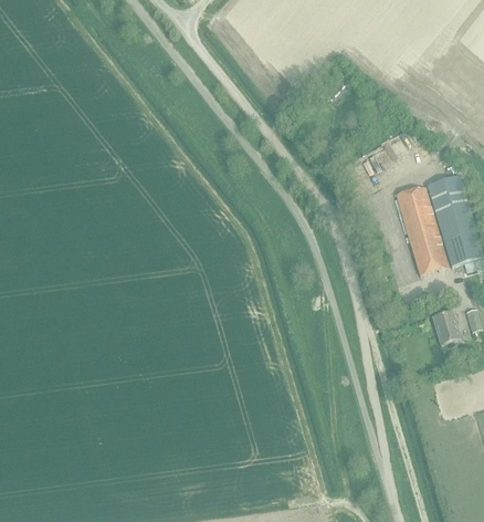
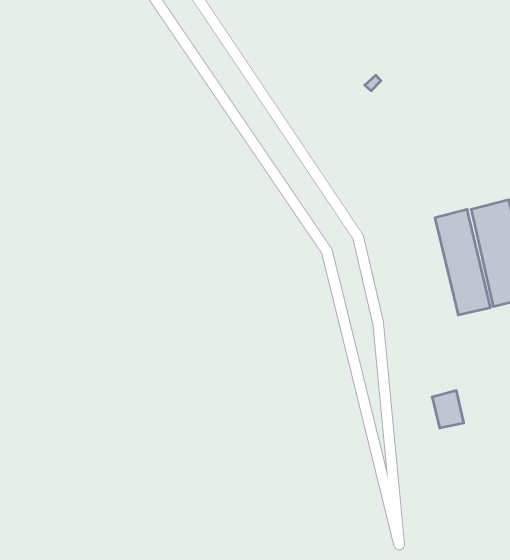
building: [434,311,462,343] -> [432,391,464,428]

